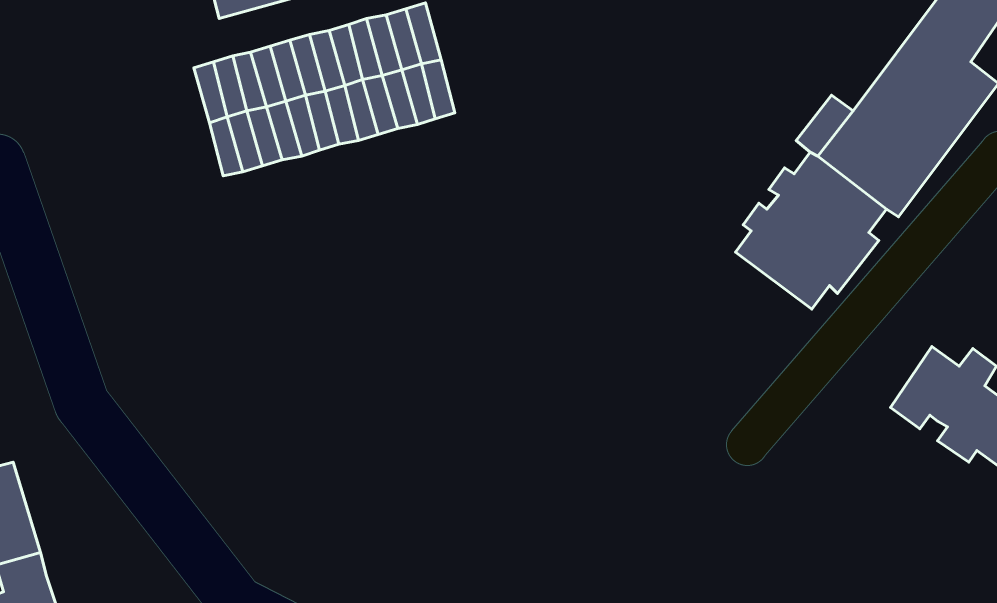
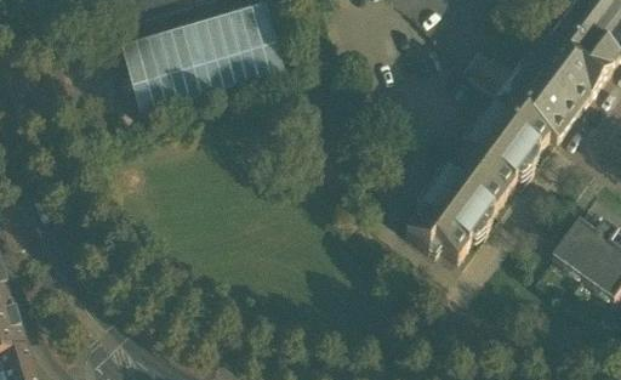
building: none -> [405,158,503,255]

